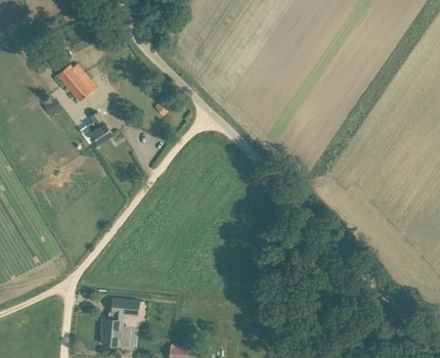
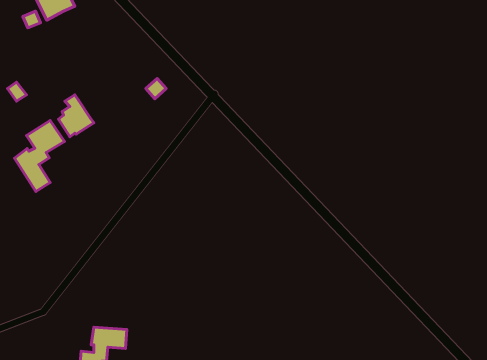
building: [56,63,95,101] -> none
building: none -> [15,120,65,191]

